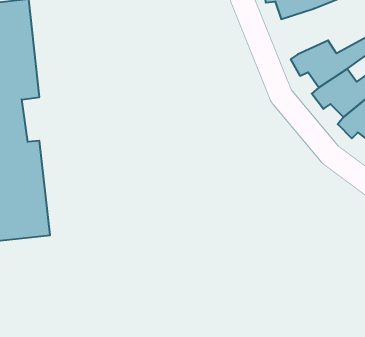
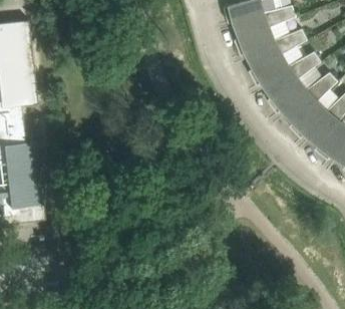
building: none -> [235,27,308,66]

